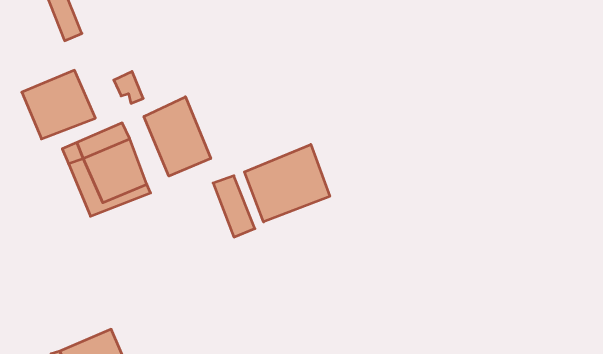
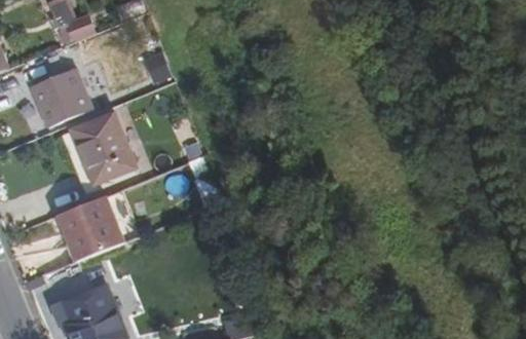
building: [144,97,211,176] -> none
building: [244,144,330,222] -> none
building: none -> [58,195,124,261]

